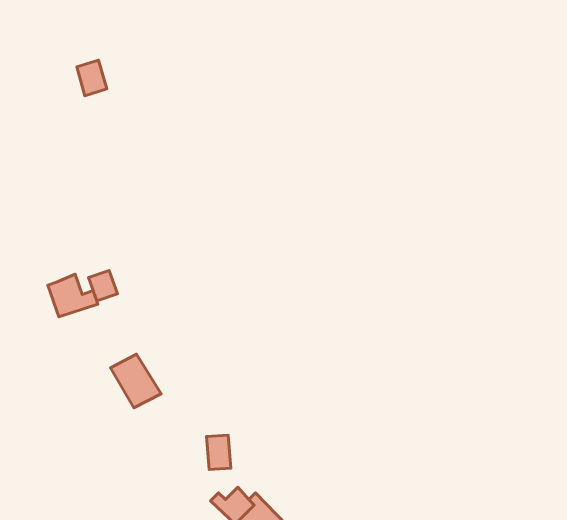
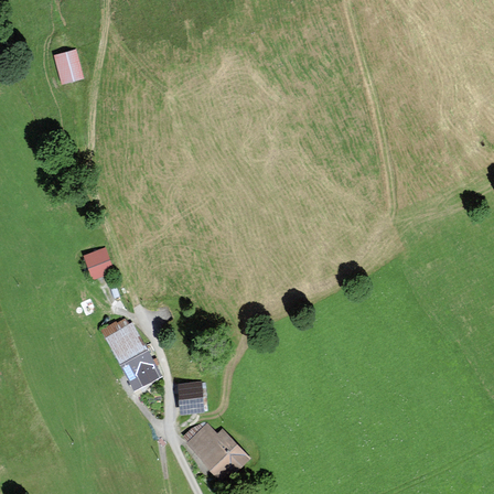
building: [77,60,107,96] -> [55,51,79,79]
building: [48,274,98,317] -> none
building: none -> [121,350,155,384]

